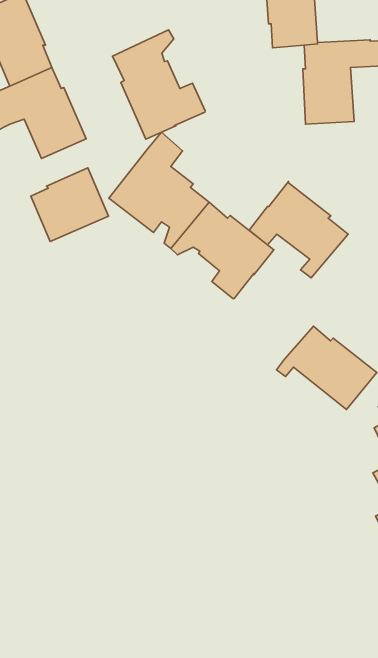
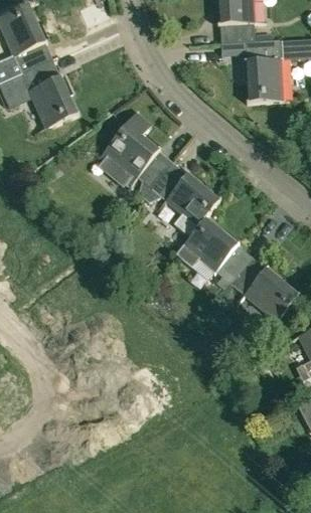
building: [112,30,205,139] -> none
building: [31,168,108,241] -> none
building: [249,181,348,278] -> [177,217,253,291]

